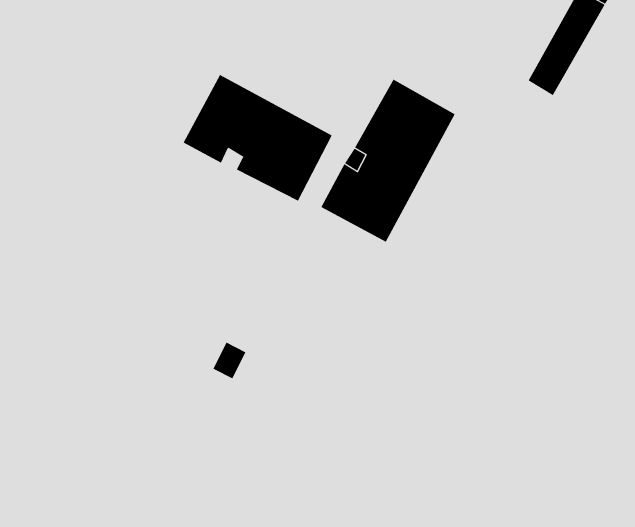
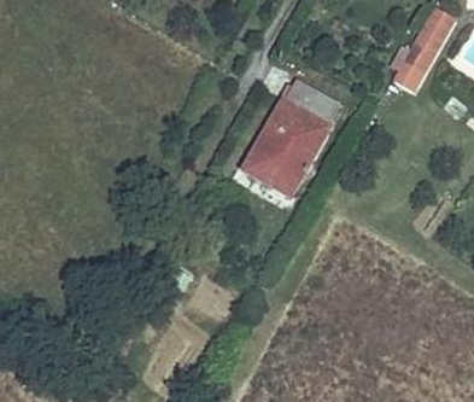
building: [183,74,332,202] -> none

